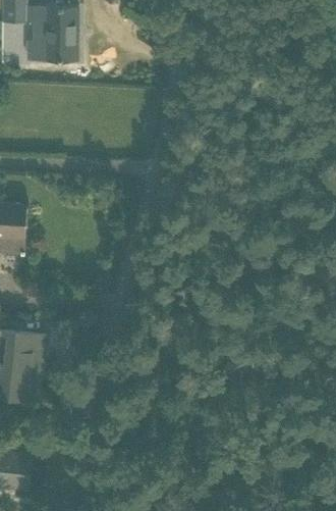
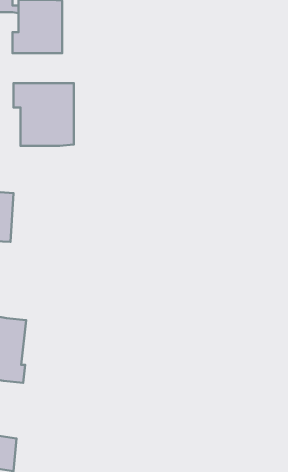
building: none -> [13,83,74,146]

